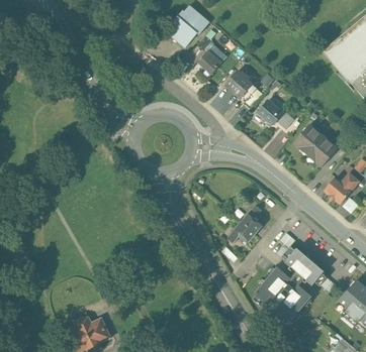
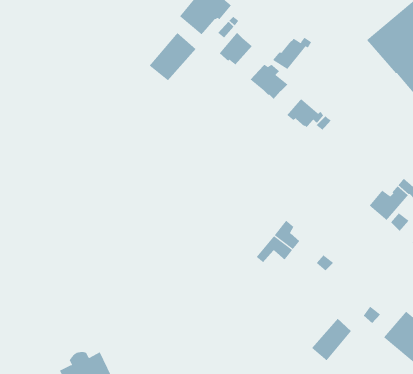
building: none -> [149,32,197,81]
building: none -> [272,37,312,70]
building: [293,125,337,167] -> none
building: [285,249,323,284] -> none
building: [255,267,290,304] -> none

